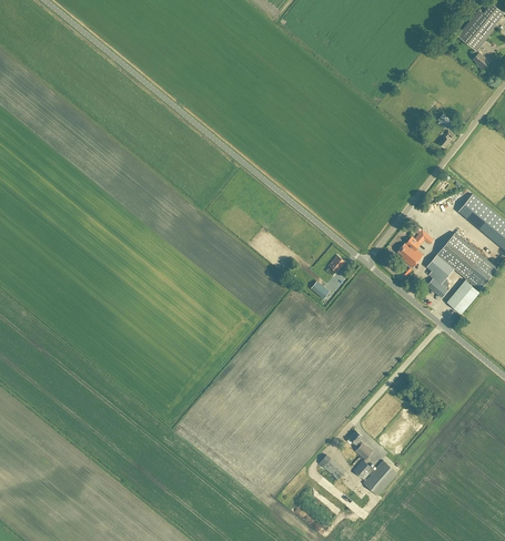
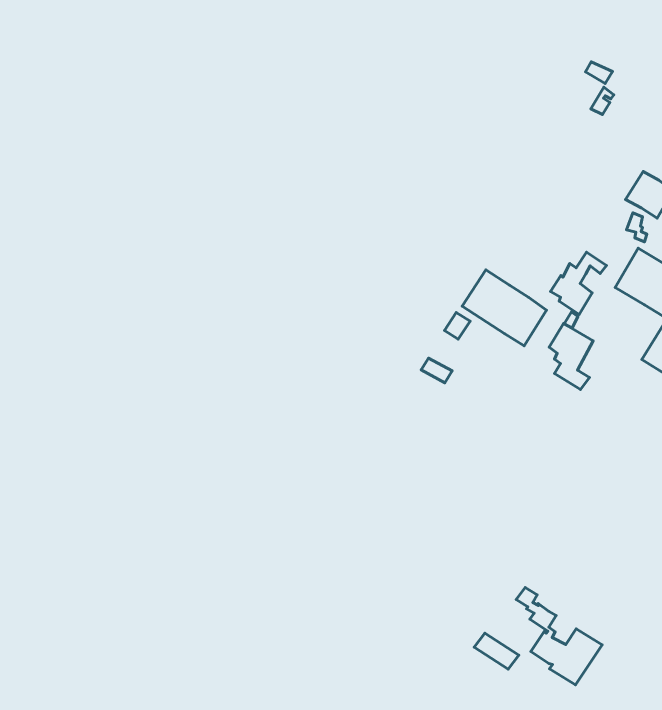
building: none -> [462,270,547,346]
building: [426,255,454,297] -> [549,323,593,389]

